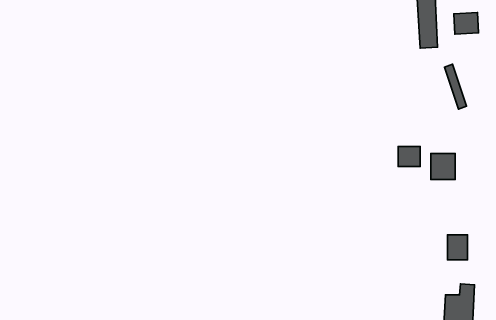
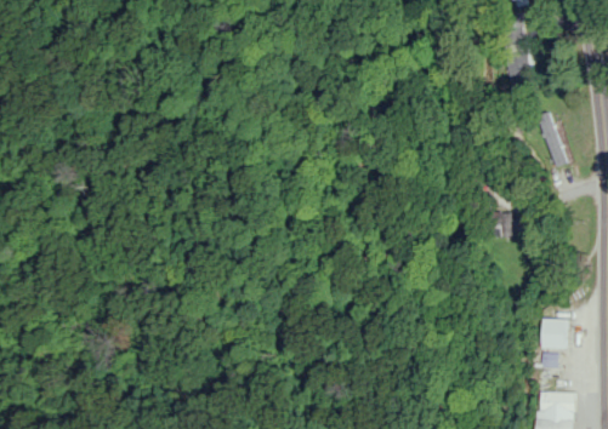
building: [454,13,479,34] -> none
building: [431,153,455,180] -> none

